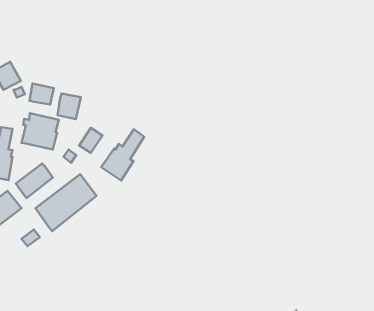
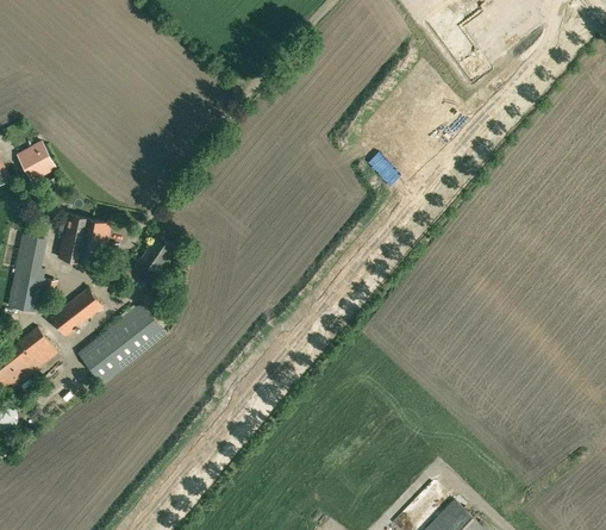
building: [29,84,54,105] -> none
building: [57,94,81,119] -> none
building: [101,129,144,180] -> none

